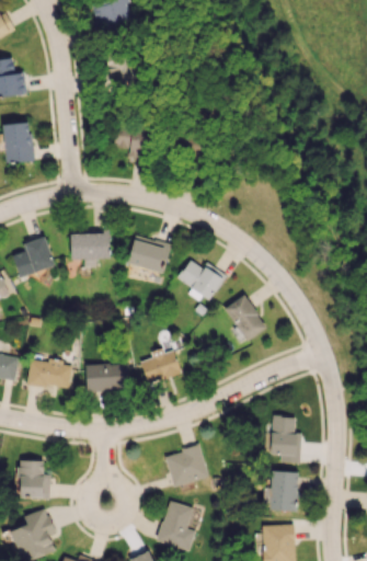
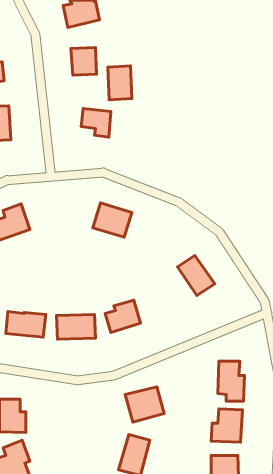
building: none -> [108,66,132,100]
building: [70,232,111,267] -> none
building: [179,260,226,302] -> none

